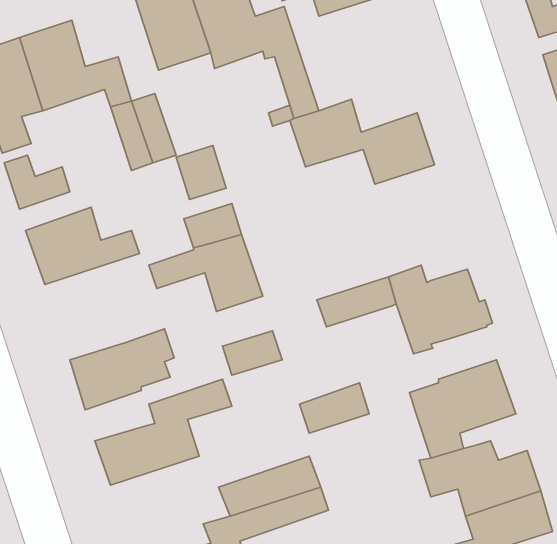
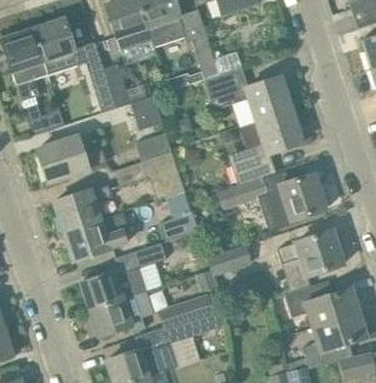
building: none -> [226,108,303,184]
building: none -> [53,184,111,230]
building: none -> [83,290,151,337]

